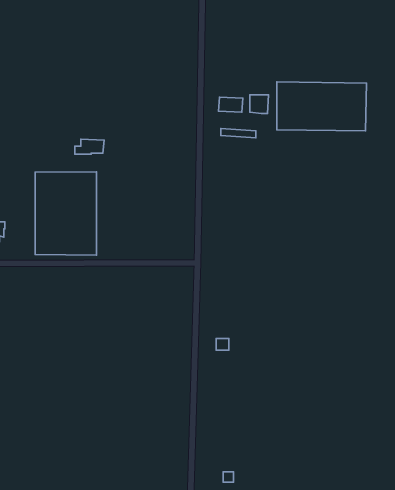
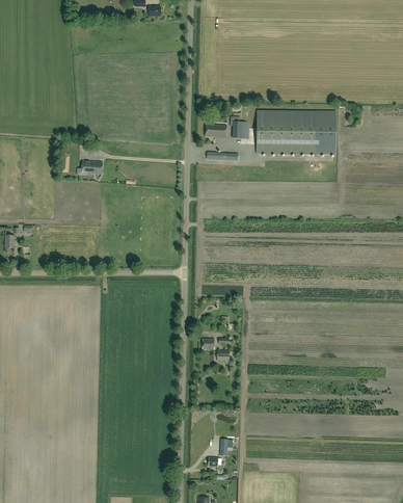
building: [35,172,96,255] -> none

